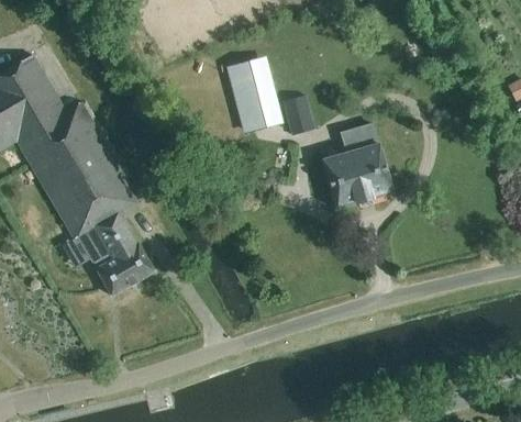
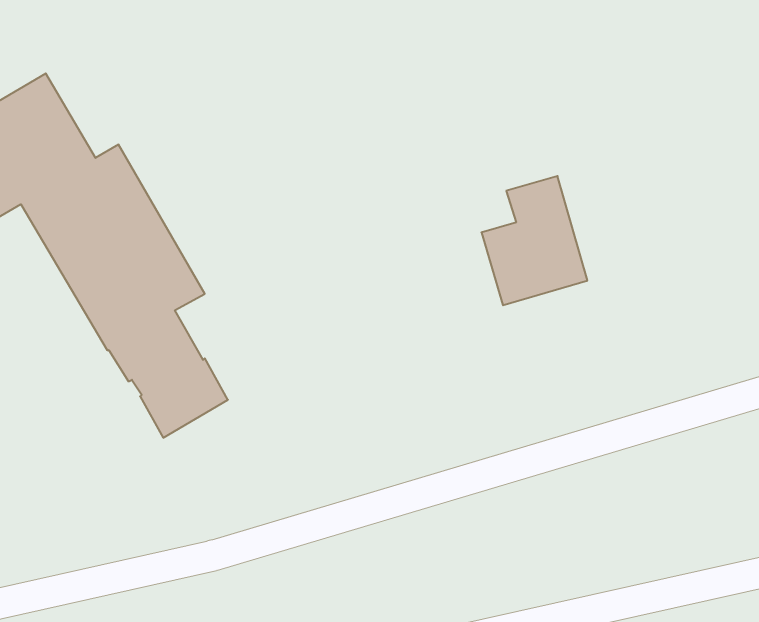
building: [225,57,276,133] -> none
building: [284,97,313,135] -> none

